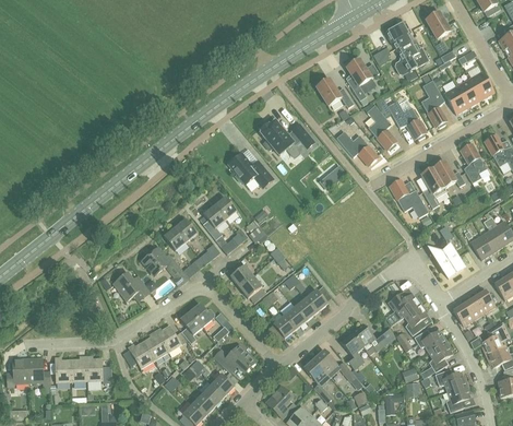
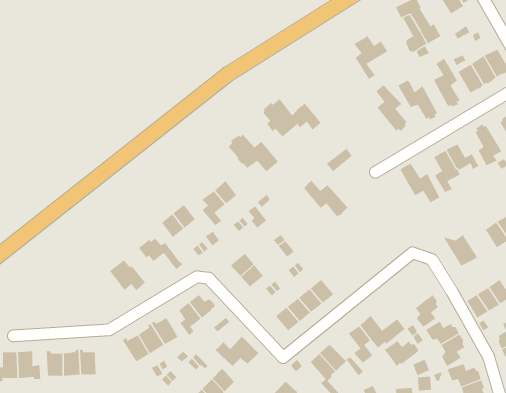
building: [317,78,354,107] -> none
building: [336,130,379,165] -> [303,180,348,217]
building: [387,294,421,319] -> [384,341,420,367]

